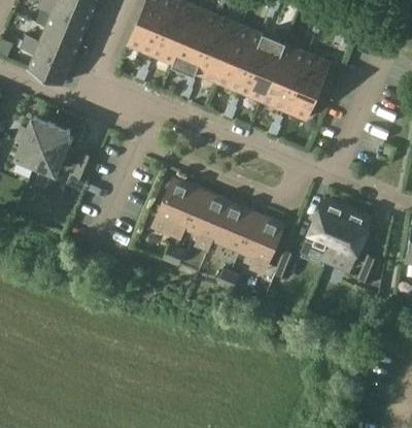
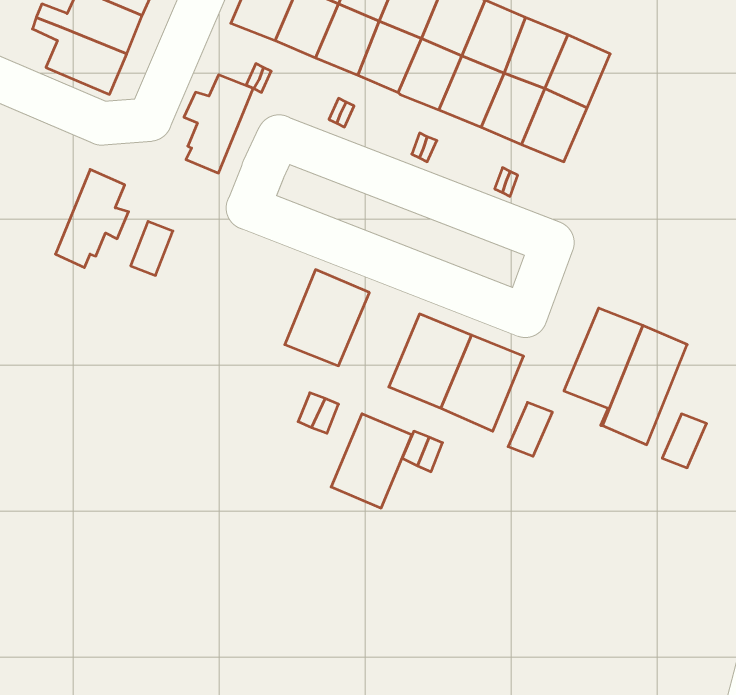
building: [14,117,52,169] -> [184,75,253,173]
building: [184,190,228,240] -> [331,414,412,508]

